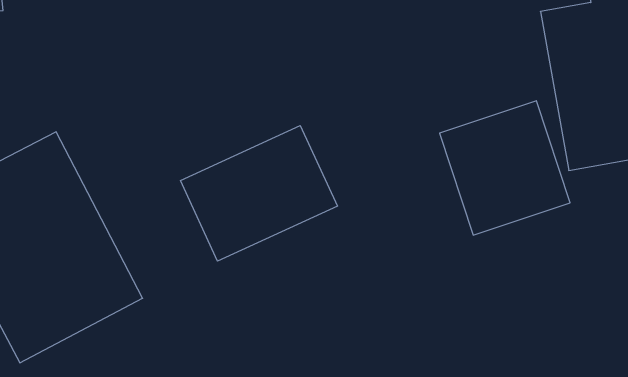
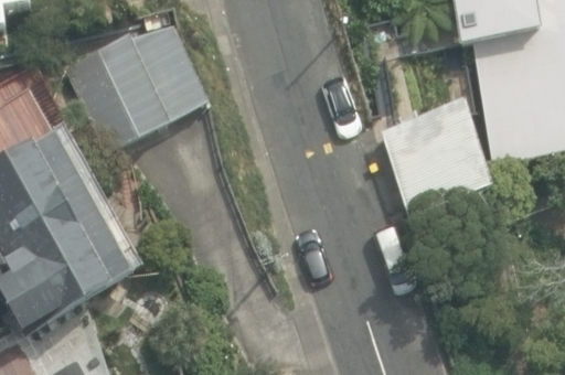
building: none -> [66,24,211,153]
building: [180,126,337,261] -> none

